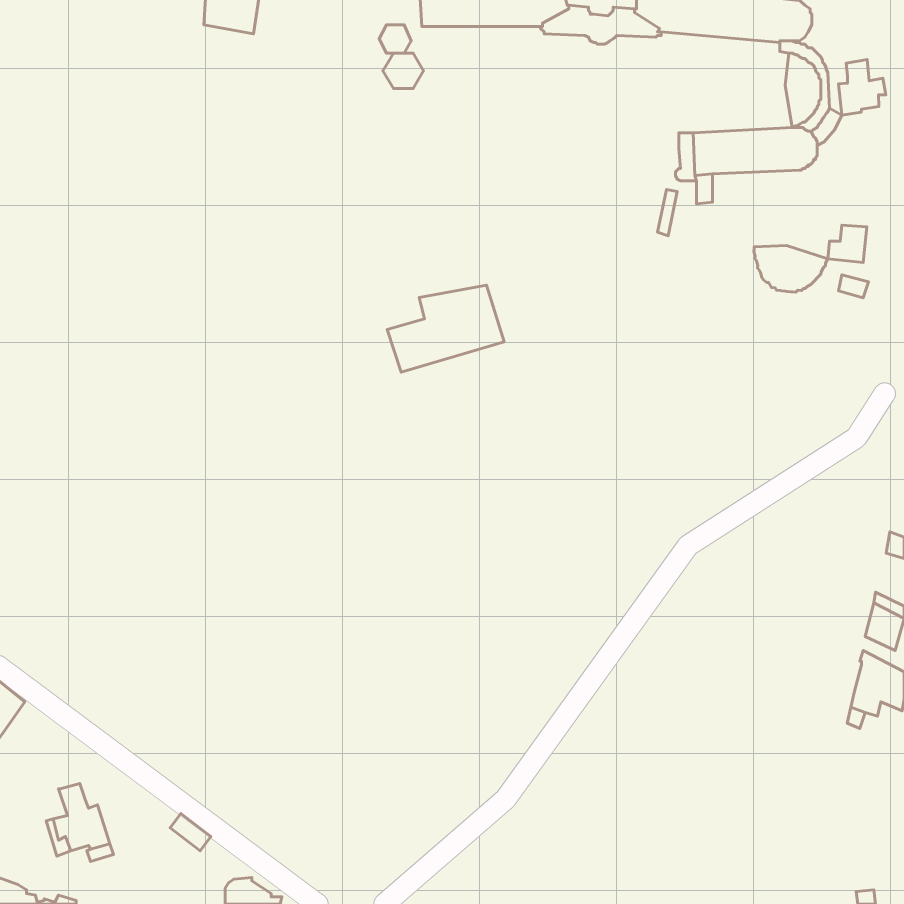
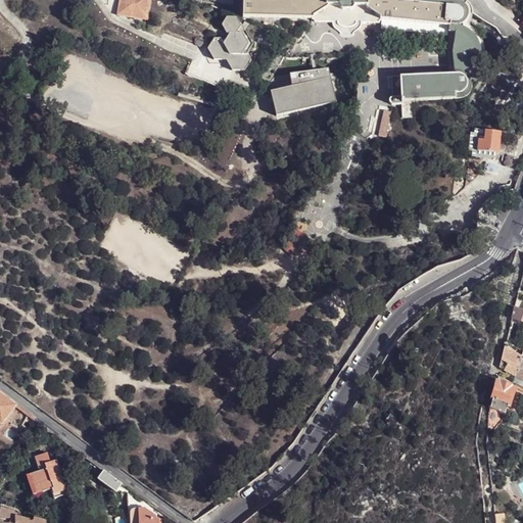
building: [839,59,886,115] -> none
building: none -> [204,35,247,67]
building: [754,246,828,292] -> none
building: [387,285,504,372] -> [268,65,335,115]

